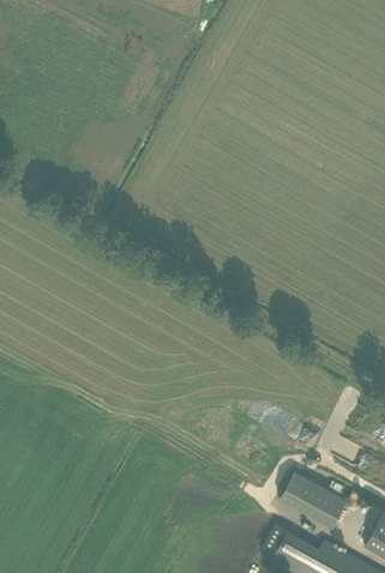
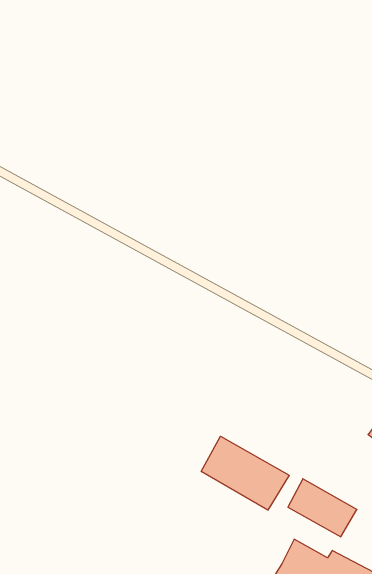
building: none -> [201,436,289,510]

